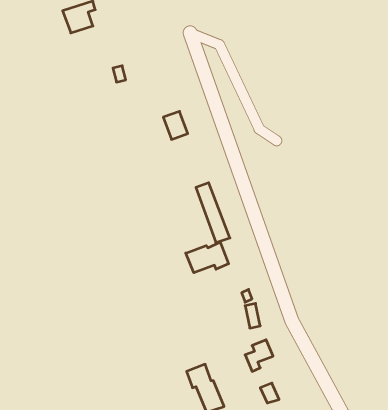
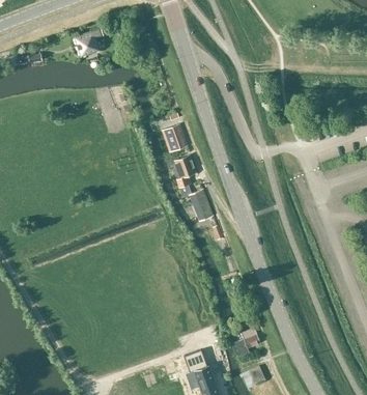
building: none -> [171,156,196,188]
building: [186,242,229,273] -> none

